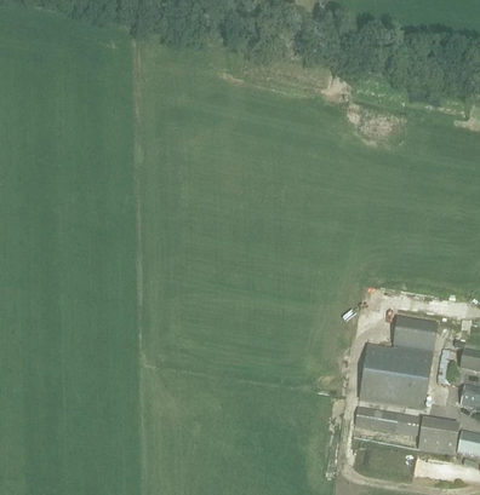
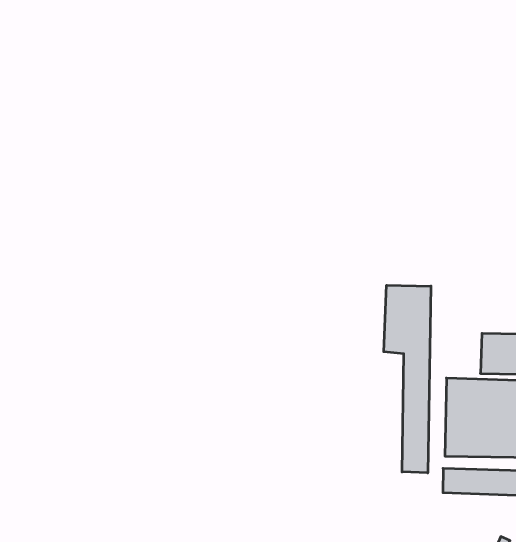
building: none -> [384,285,431,473]

